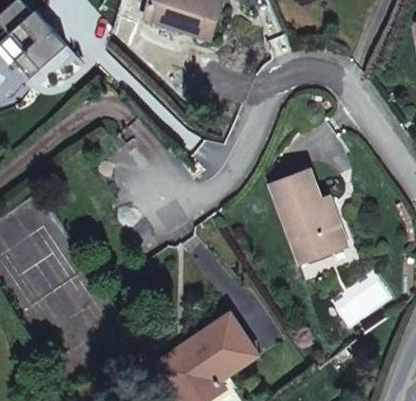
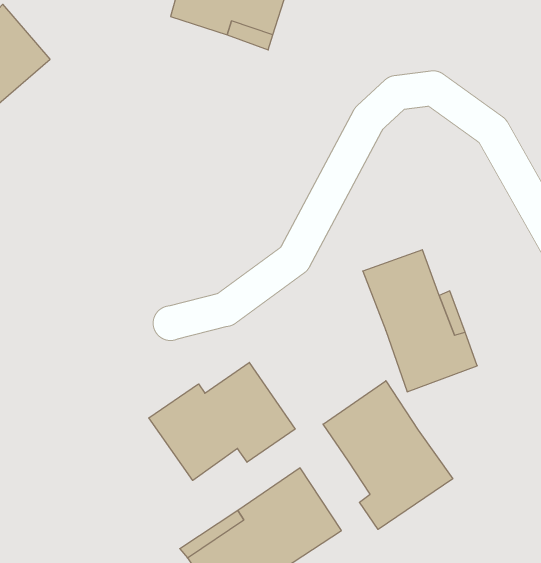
building: none -> [149,362,295,480]
building: none -> [323,381,453,529]

